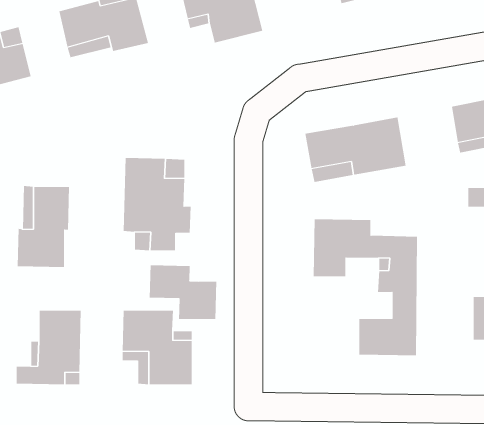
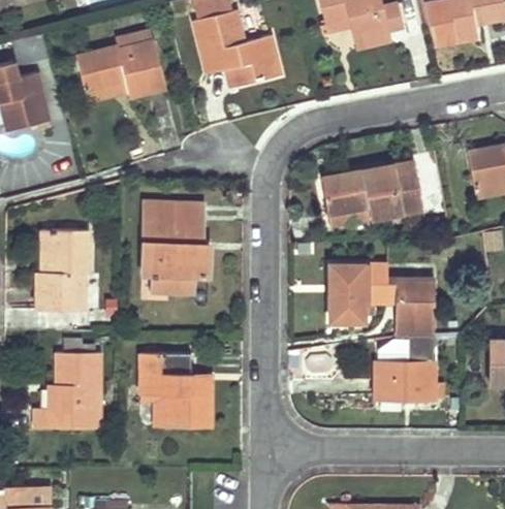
building: [149,264,217,320] -> none

